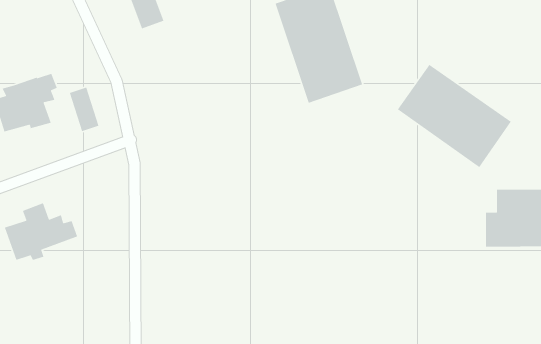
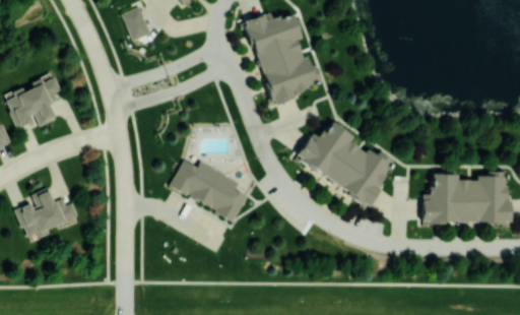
building: [397,64,512,168] -> [296,119,393,207]
building: [69,87,100,132] -> none
building: none -> [170,161,249,225]

